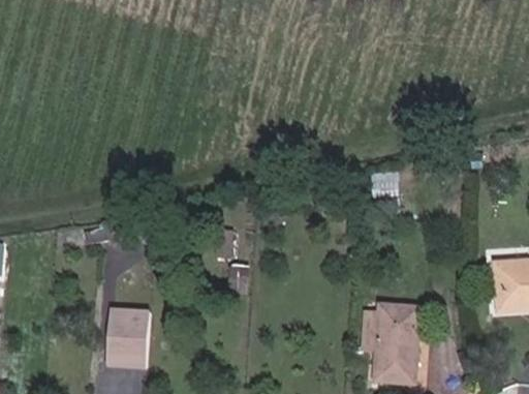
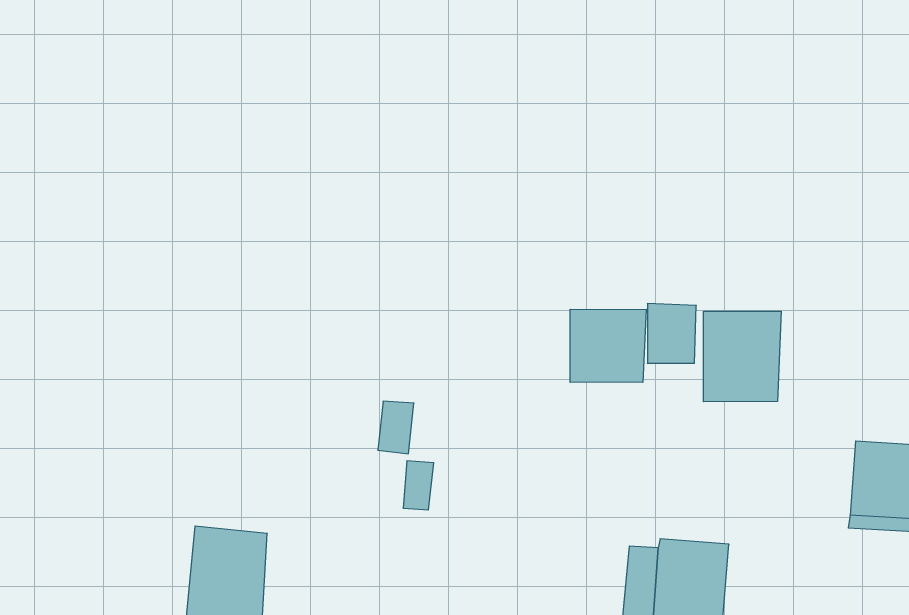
building: none -> [570,309,646,382]
building: none -> [704,311,781,402]

